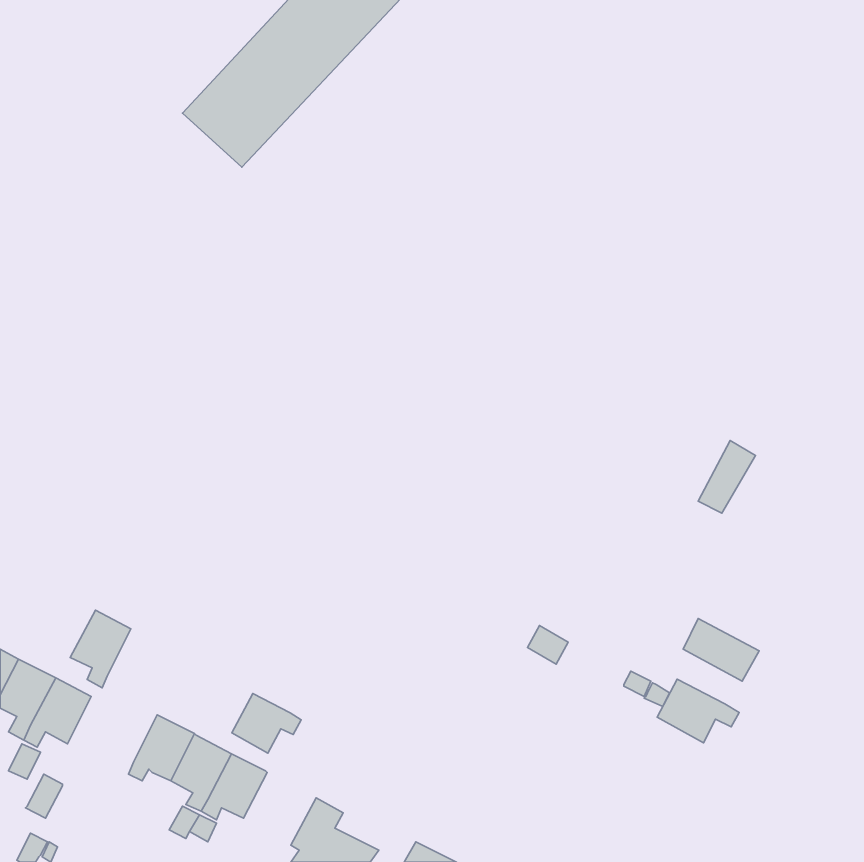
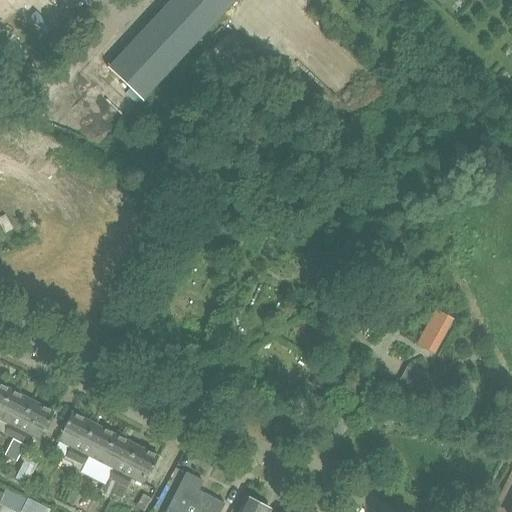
building: [698,440,756,513] -> [418,309,452,352]
building: [70,610,131,688] -> [57,412,93,458]
building: [657,679,739,743] -> none
building: [232,694,301,753] -> none

